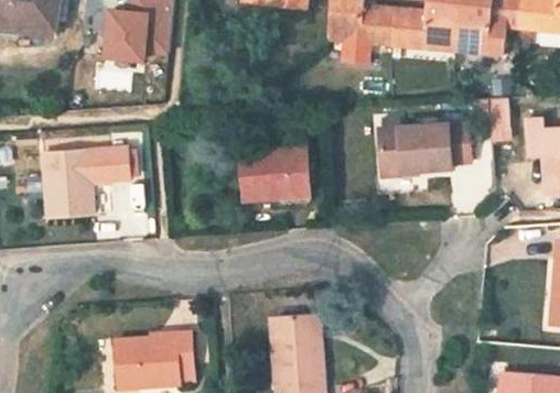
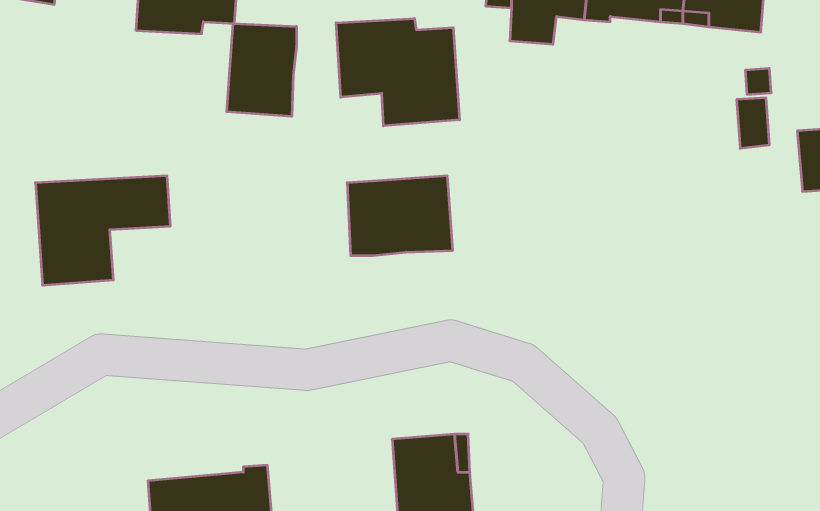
building: none -> [336,18,460,126]
building: none -> [227,23,296,116]
building: [376,122,469,173] -> none

